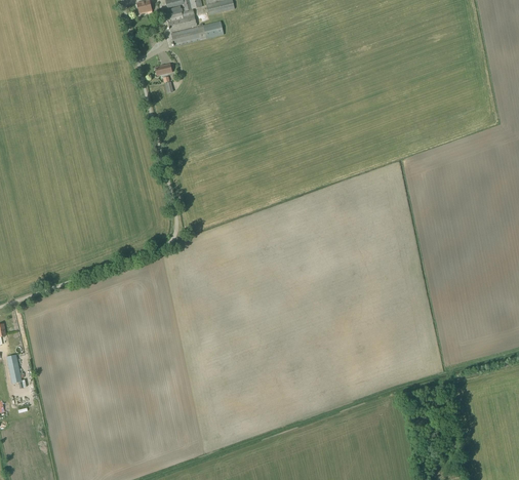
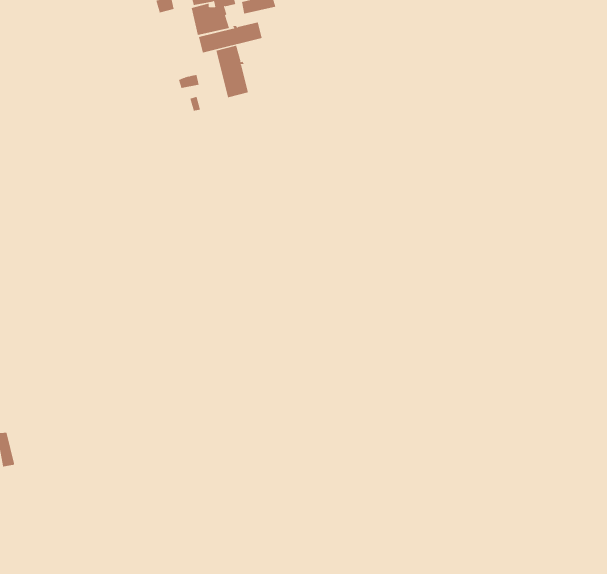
building: none -> [216,45,248,98]

